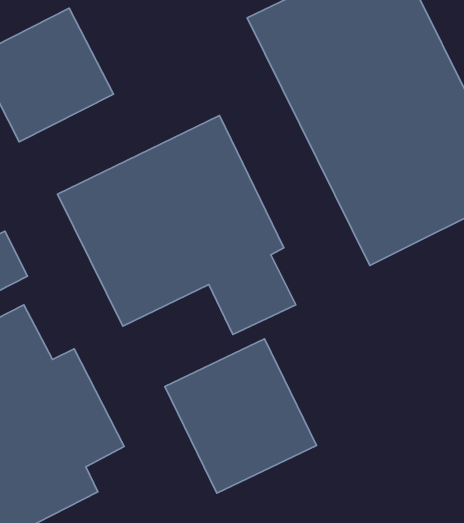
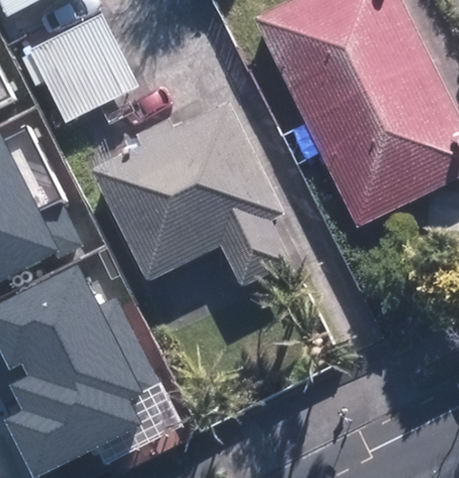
building: [165,339,316,493] -> none

